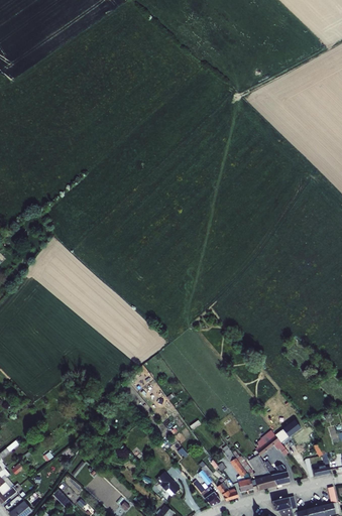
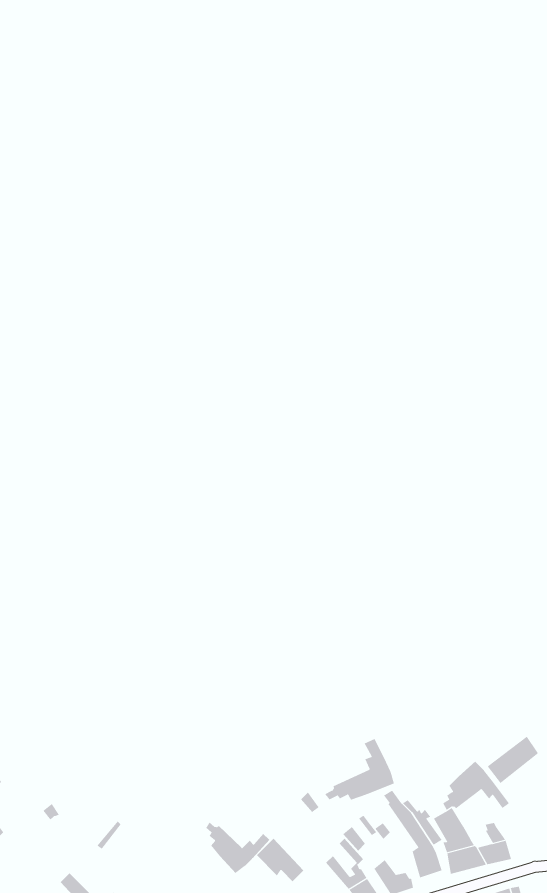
building: none -> [324,738,394,800]
building: none -> [206,822,270,874]

